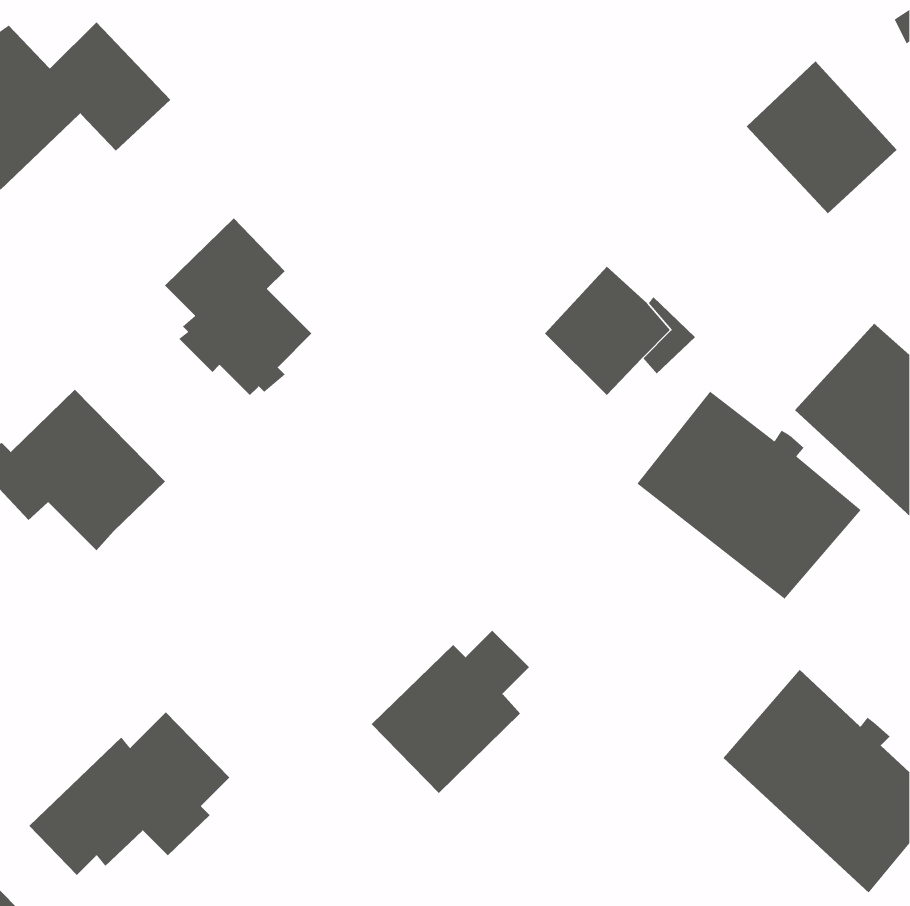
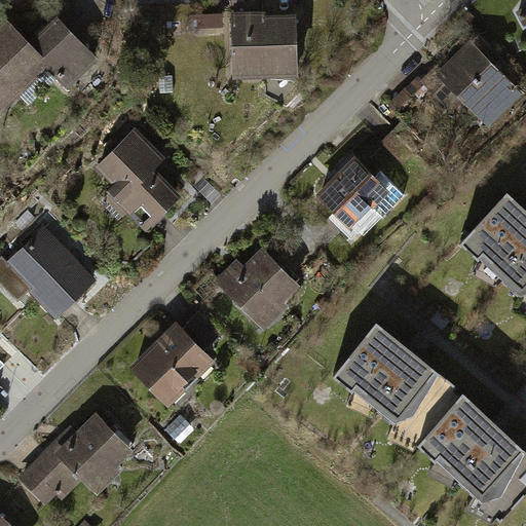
building: none -> [230,8,298,78]
building: [637,391,861,599] -> [331,320,460,440]
building: none -> [215,248,300,332]
building: [371,630,530,794] -> [128,313,220,408]

